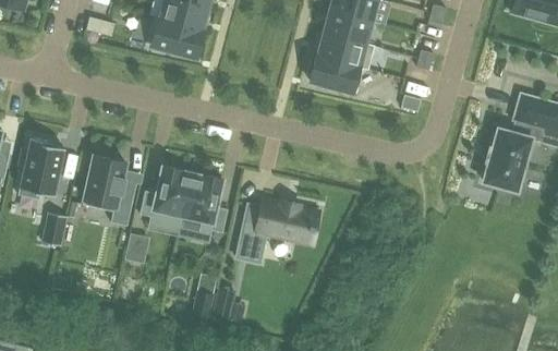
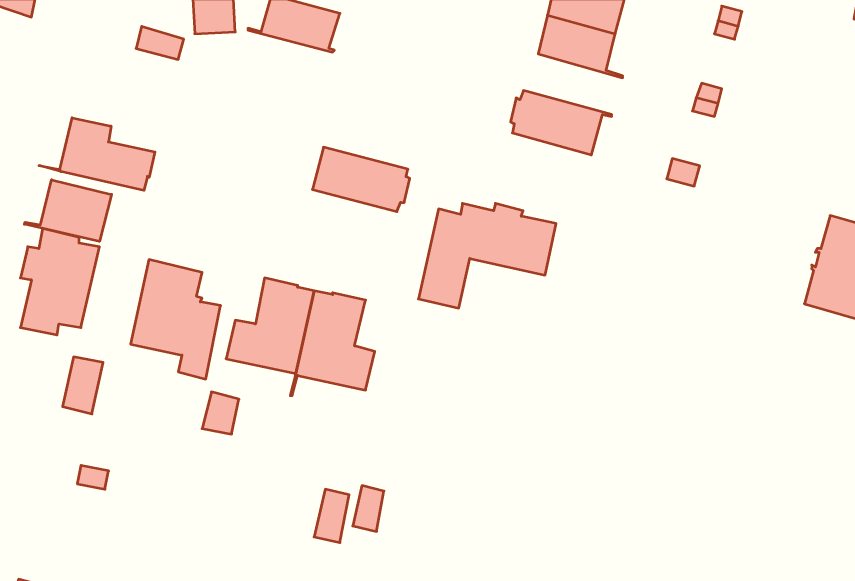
building: [146,19,204,57] -> [312,147,410,212]
building: [316,33,375,69] -> none
building: none -> [39,118,155,190]
building: none -> [24,180,112,241]
building: [236,201,318,263] -> [418,203,556,308]

